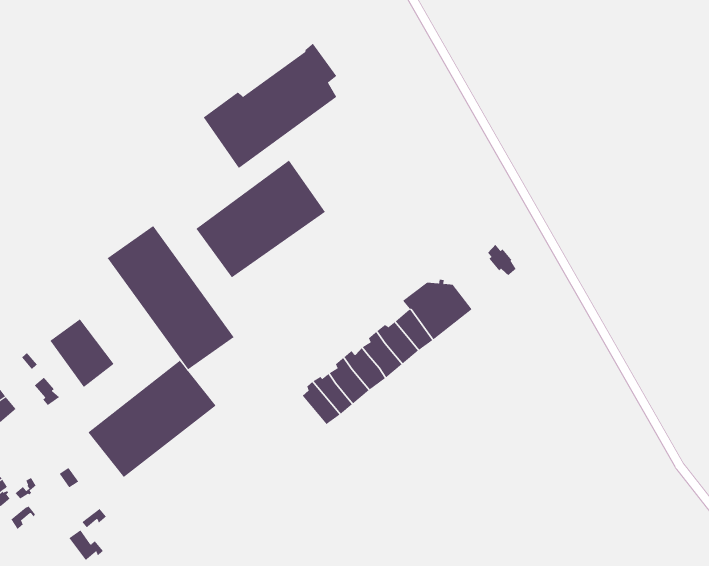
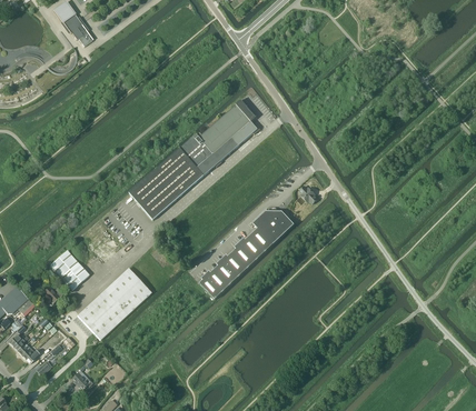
building: [203,43,337,169] -> [180,99,257,176]
building: [107,225,235,370] -> none

